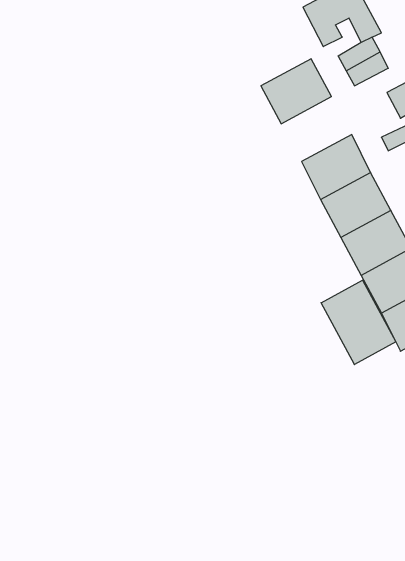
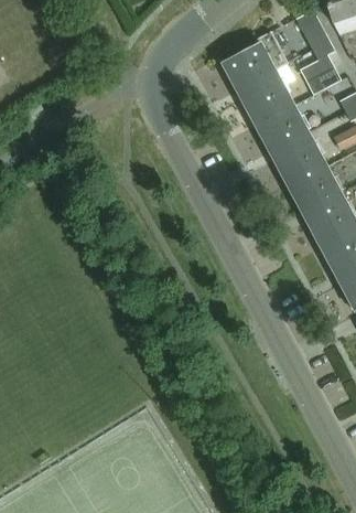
building: none -> [222,31,289,95]
building: none -> [255,104,312,157]
building: [321,280,396,365] -> none

